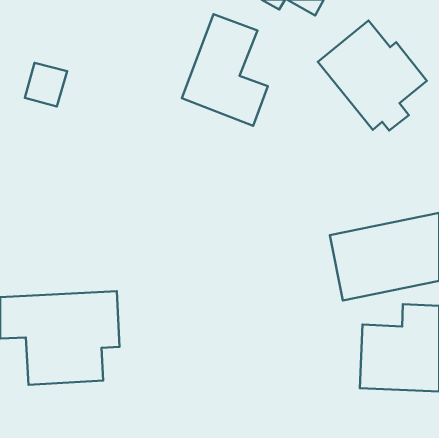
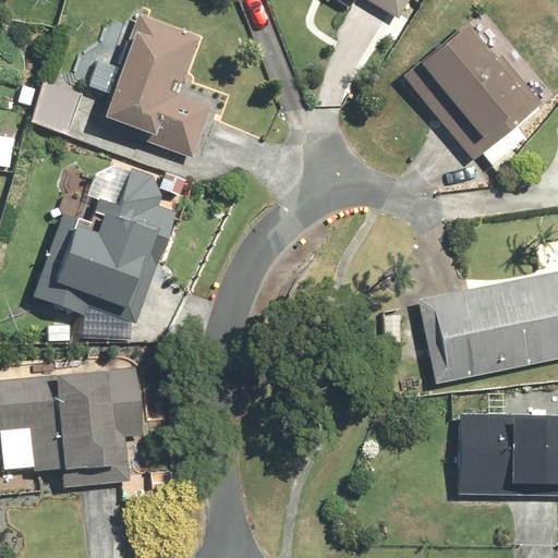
building: [182,14,268,126] -> [104,14,213,156]
building: none -> [31,167,178,323]

